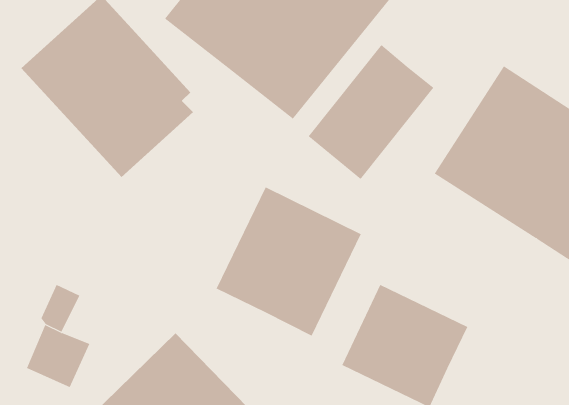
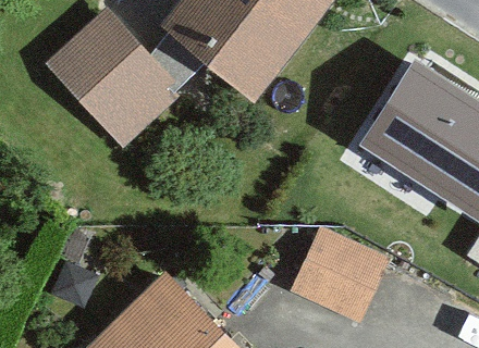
building: [308,44,434,180] -> none
building: [216,187,362,336] -> none

